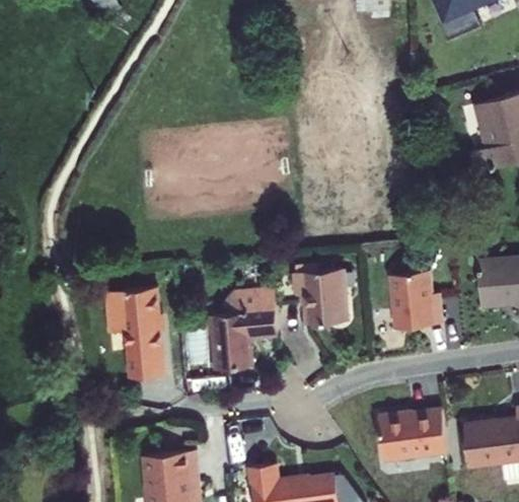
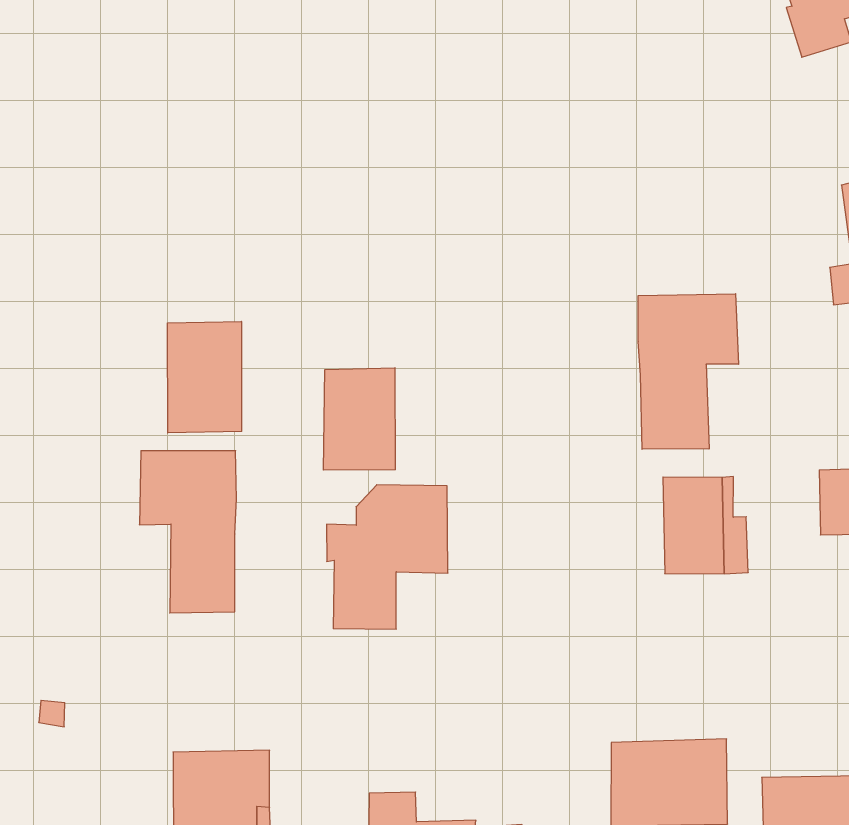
building: none -> [638,294,739,449]
building: none -> [168,321,242,433]
building: none -> [323,368,395,470]
building: [293,270,348,326] -> none

